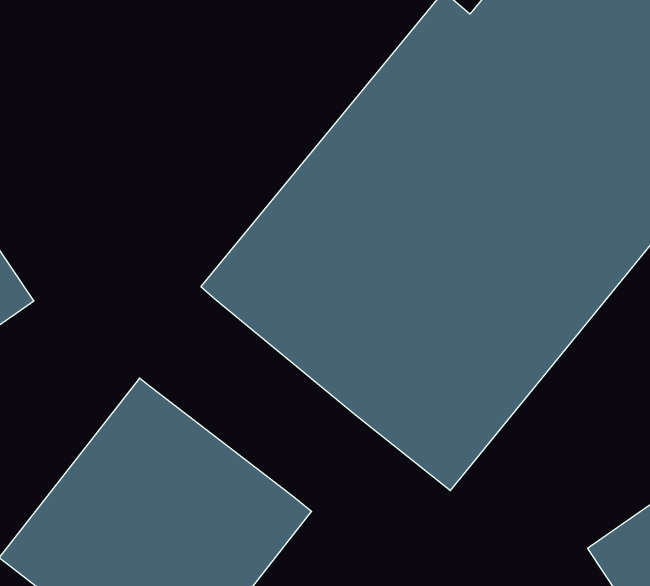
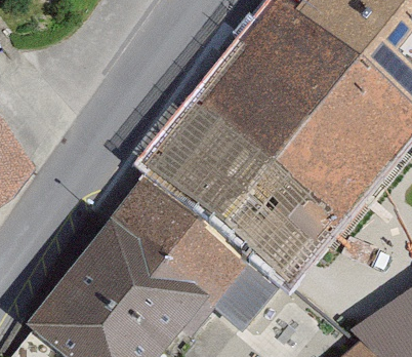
building: none -> [107,177,228,292]

